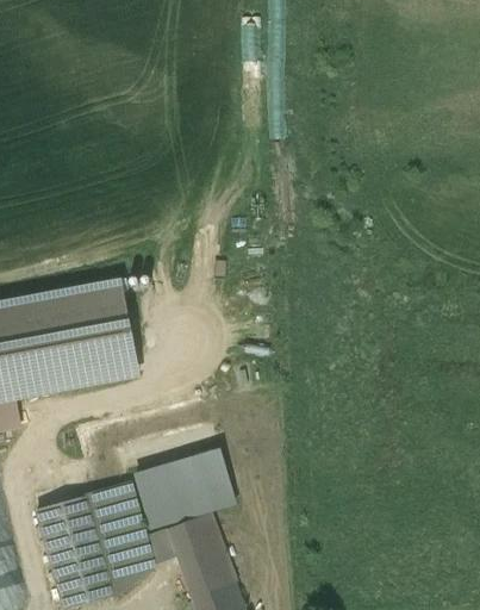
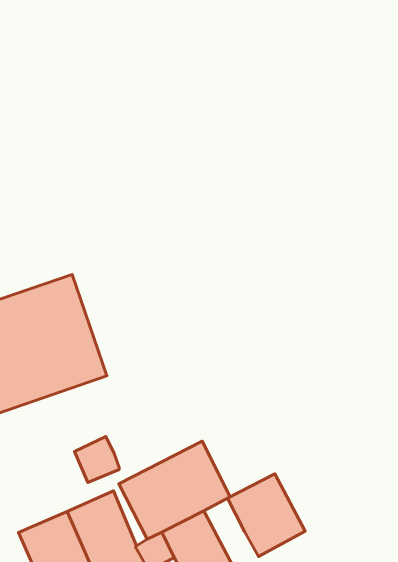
building: none -> [74,436,119,483]
building: none -> [228,474,305,557]

